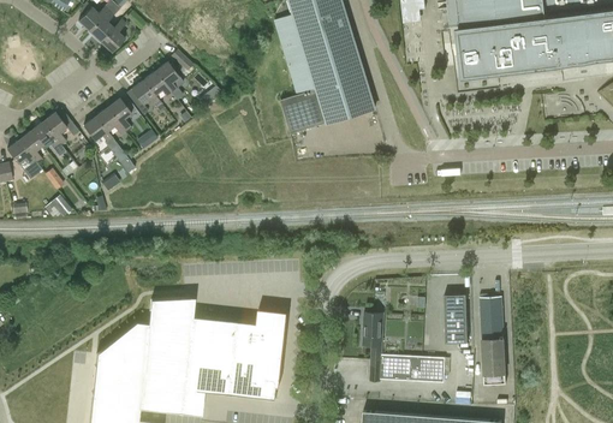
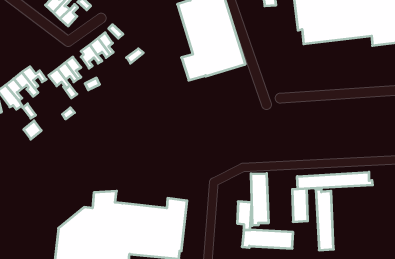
building: none -> [297,172,373,189]
building: none -> [251,173,268,226]

